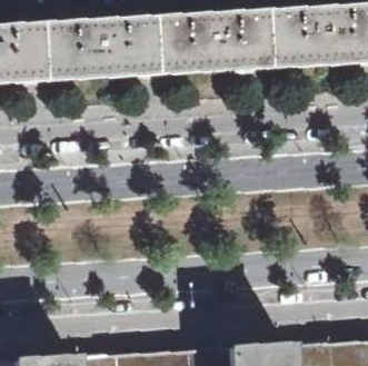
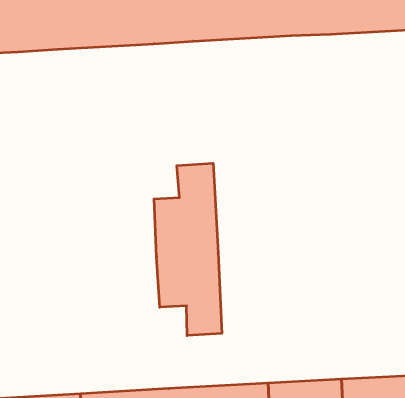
building: none -> [154,163,222,336]

